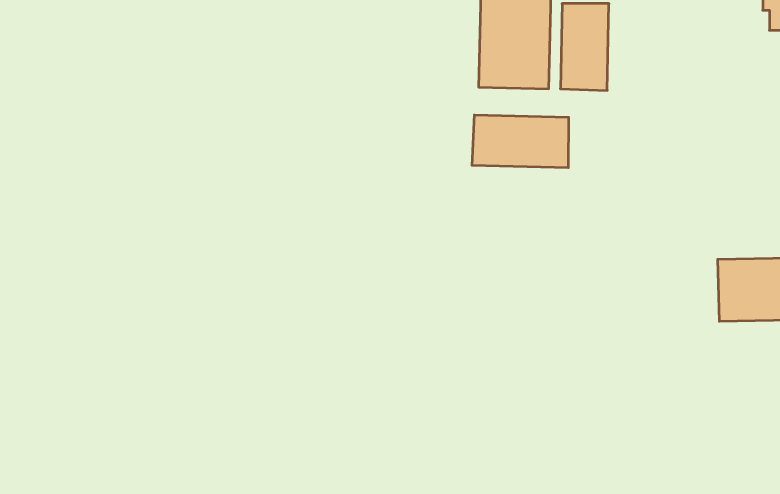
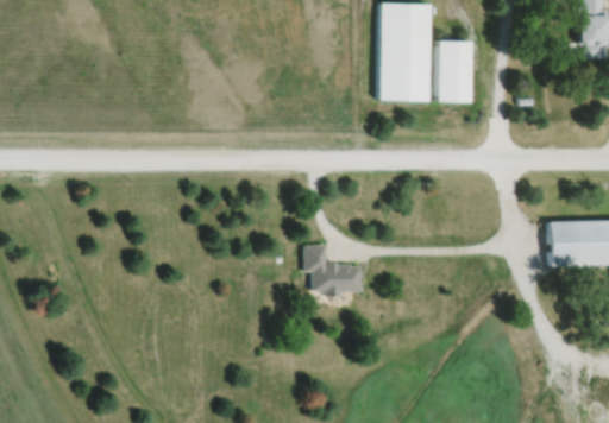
building: [472,115,569,168] -> none
building: none -> [304,246,360,297]

